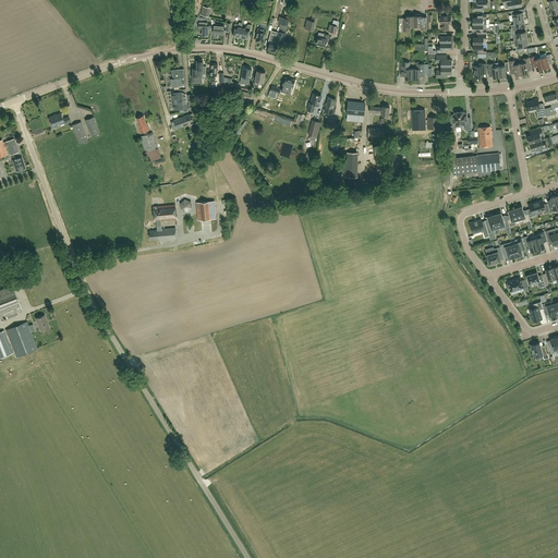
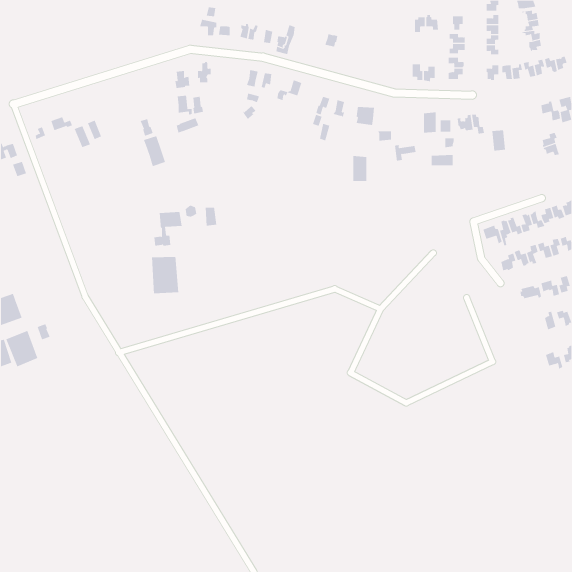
building: [451,153,500,174] -> none
building: none -> [151,256,179,294]

